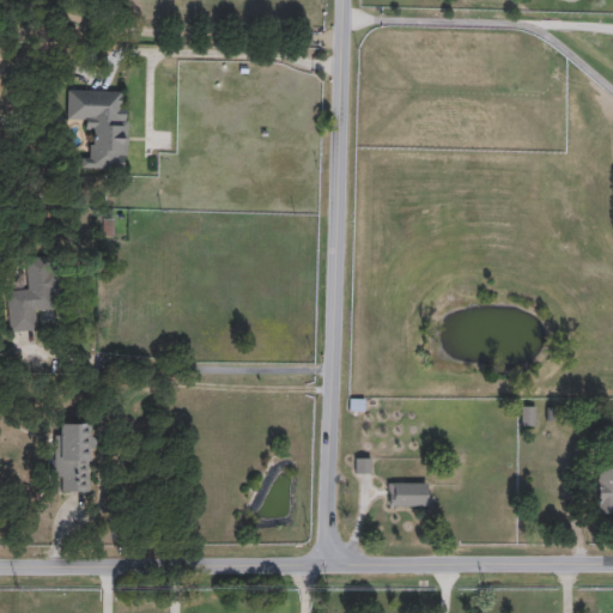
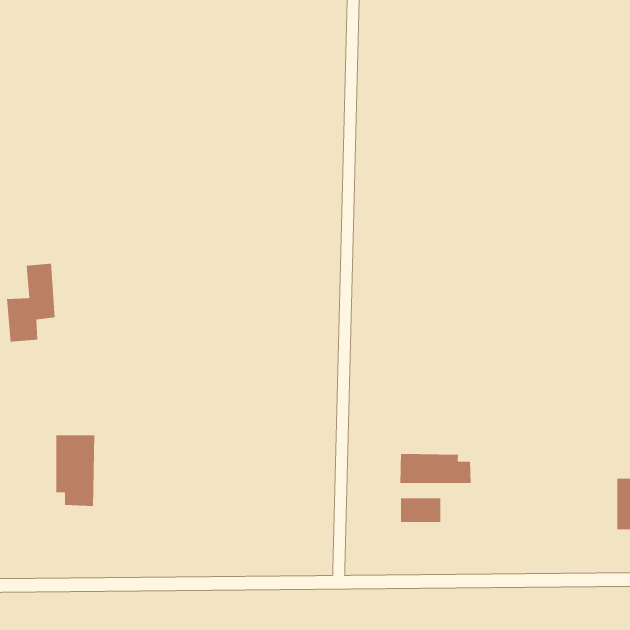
building: [67,91,128,170] -> none
building: none -> [400,453,471,484]

